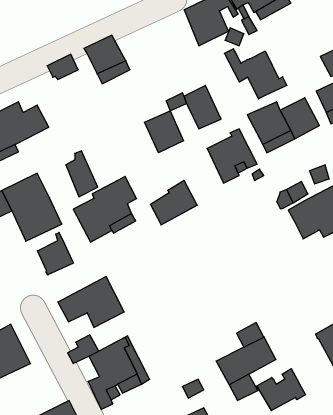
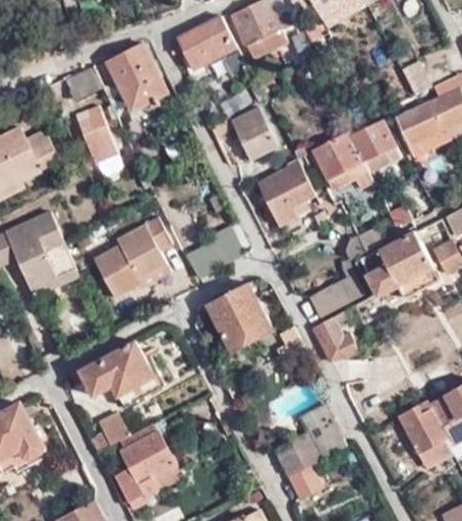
building: none -> [177,15,236,68]
building: [224,49,287,99] -> none
building: [144,111,184,153] -> none
building: [66,151,98,197] -> [78,108,118,165]
building: none -> [312,274,367,317]
building: none -> [204,285,271,354]
building: [37,232,73,275] -> none
building: none -> [312,316,361,362]
building: [257,369,305,411] -> none

